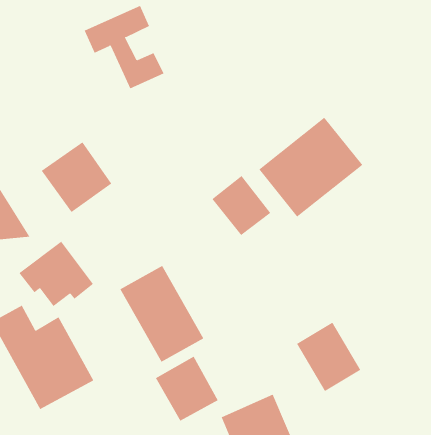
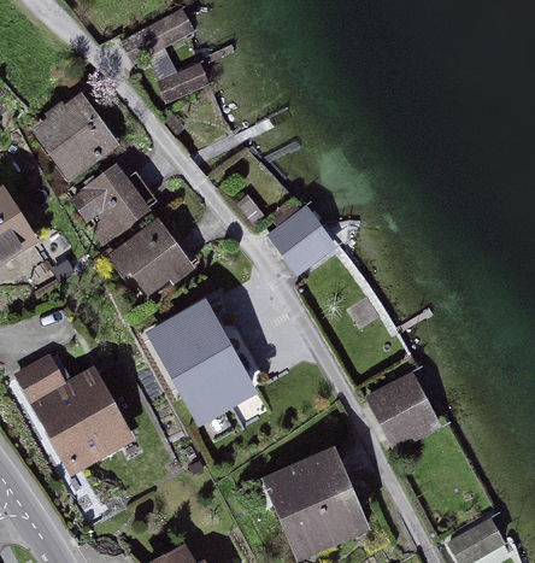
building: none -> [33,98,116,178]
building: [258,117,363,217] -> none
building: [19,241,94,307] -> [107,218,194,294]
building: [155,356,219,422] -> none

